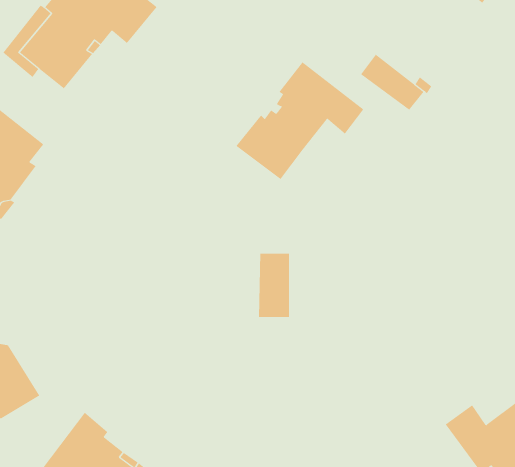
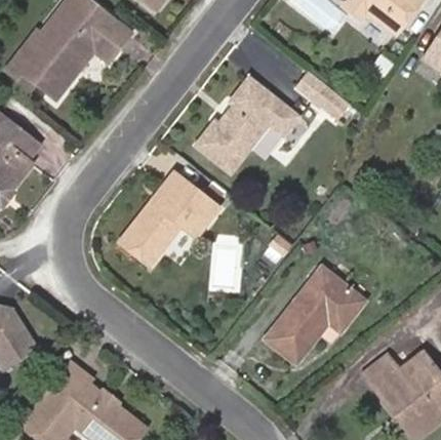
building: none -> [121,173,218,266]
building: none -> [270,269,364,360]

